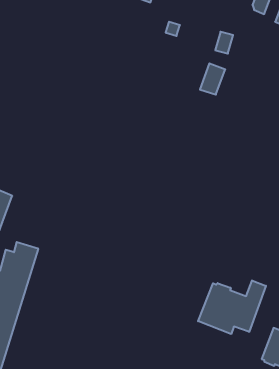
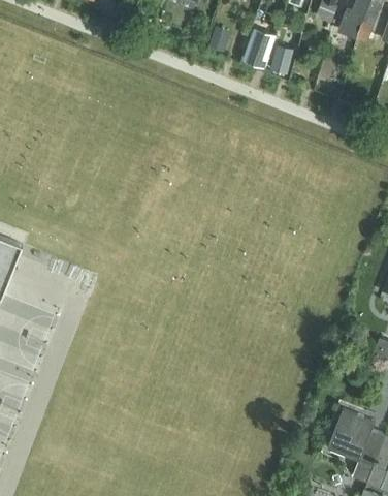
building: [200,63,225,95] -> [242,30,273,68]
building: [198,280,266,334] -> none

